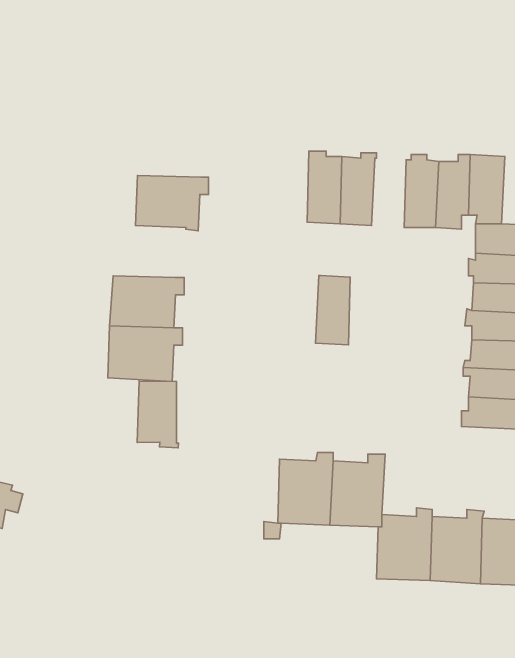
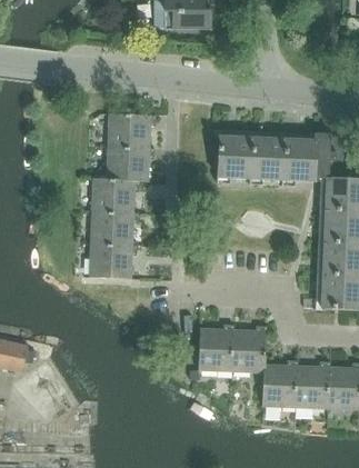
building: none -> [108,114,156,148]
building: none -> [92,179,139,212]
building: [315,276,350,345] -> [258,136,280,180]
building: [137,381,178,448] -> none

